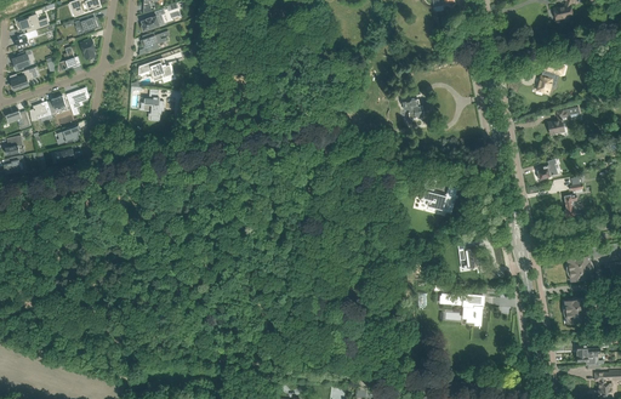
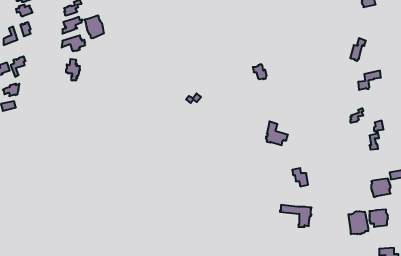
building: none -> [85,15,104,38]
building: none -> [348,211,368,234]

